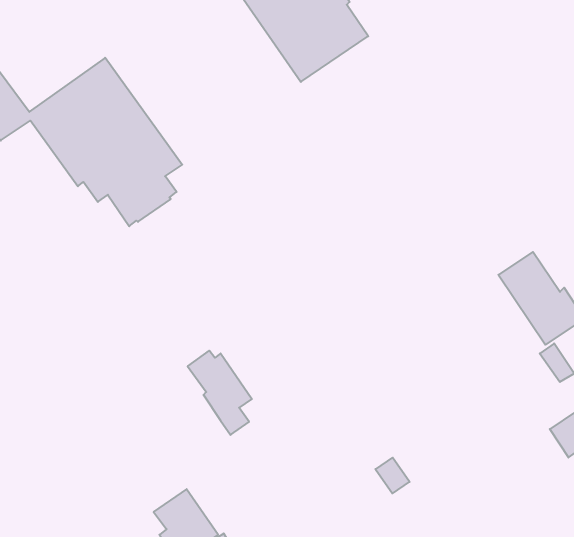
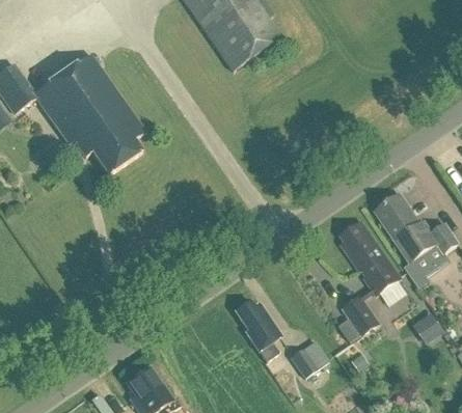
building: none -> [339,220,400,294]
building: [188,351,252,435] -> [234,299,280,360]
building: none -> [343,295,379,334]

